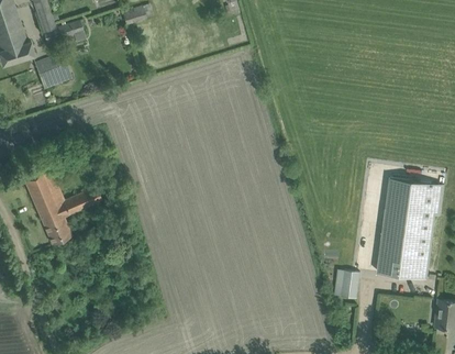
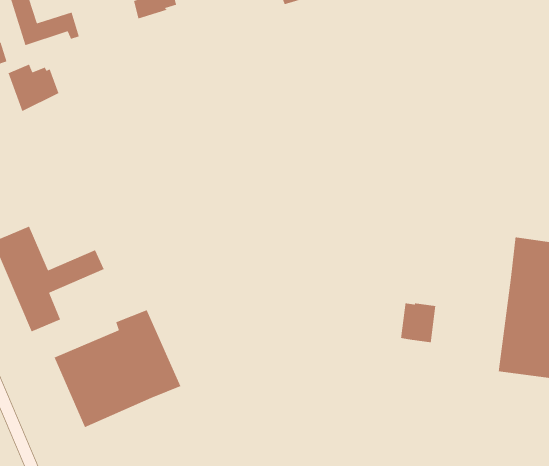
building: none -> [54,309,181,428]
building: [333,269,358,298] -> [400,302,436,343]

